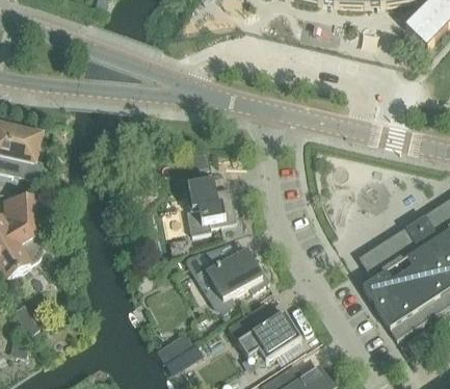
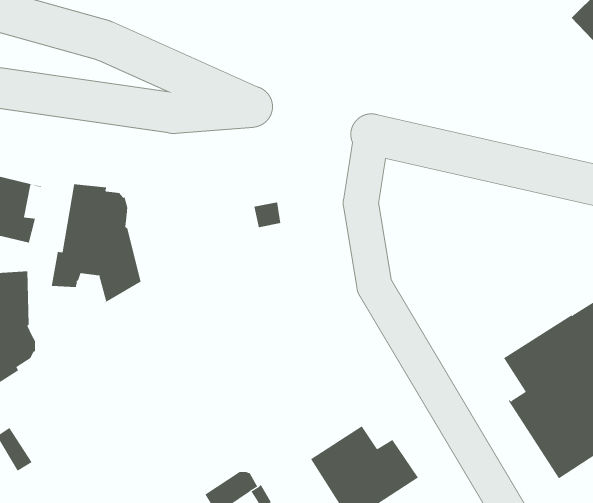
building: none -> [51,183,141,305]
building: [185,172,236,233] -> none
building: [189,242,268,309] -> none

